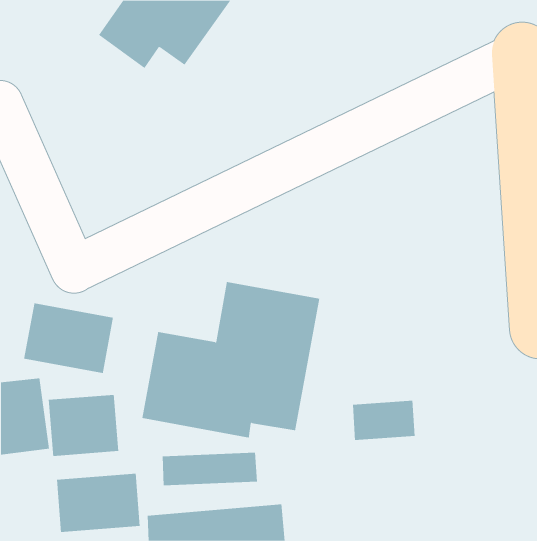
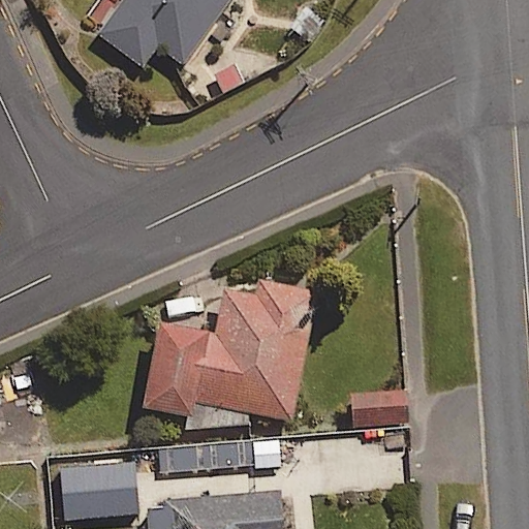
building: [24,302,114,374] -> none
building: [48,394,119,457] -> none

